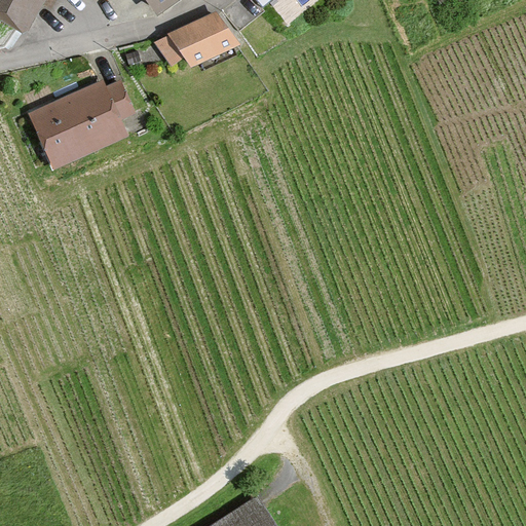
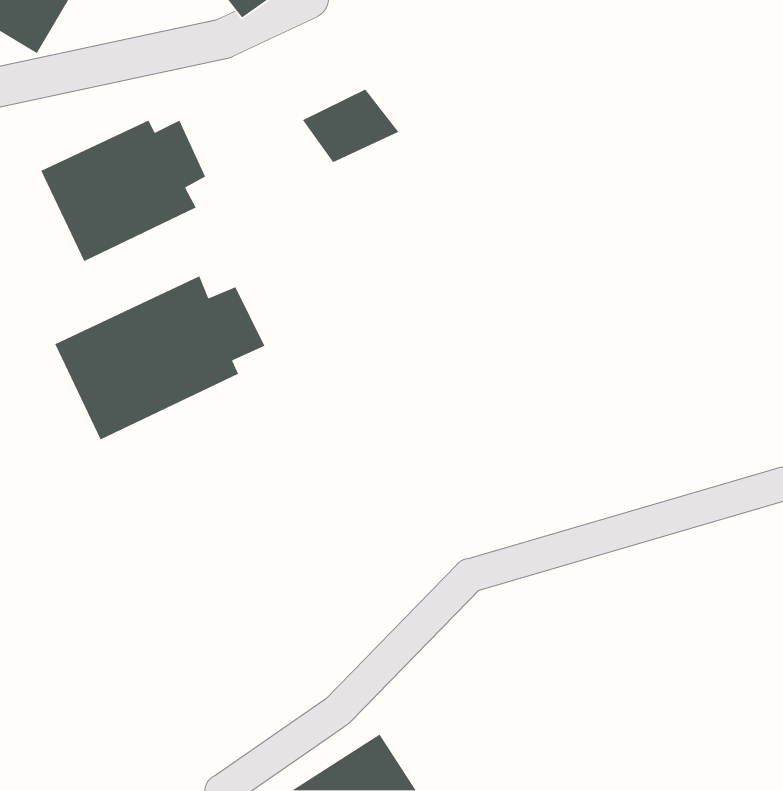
building: [166,14,231,64] -> [302,89,400,163]
building: none -> [54,275,265,440]

